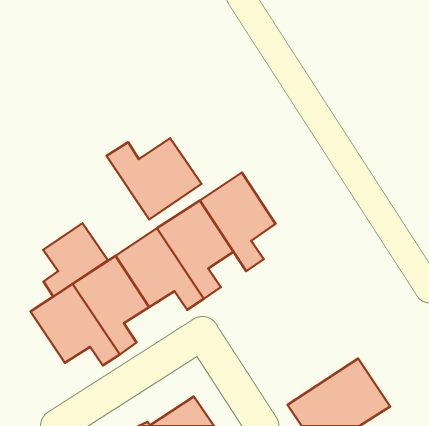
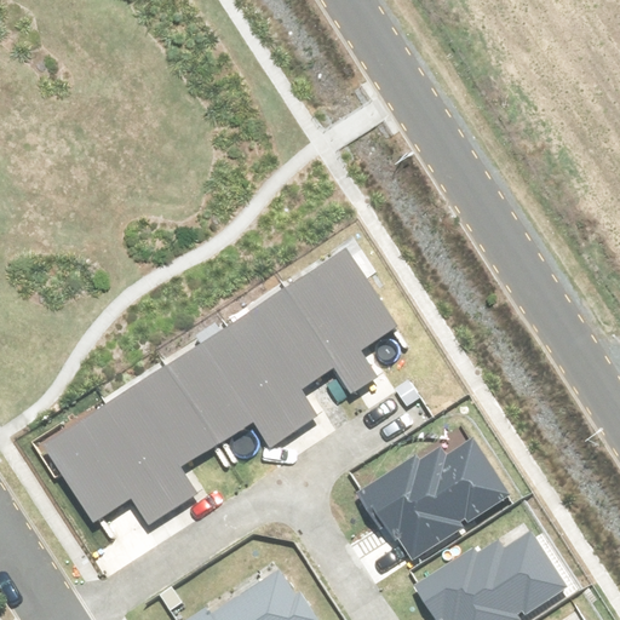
building: [107,138,201,220] -> none
building: [43,223,108,296] -> none
building: none -> [361,443,506,563]

